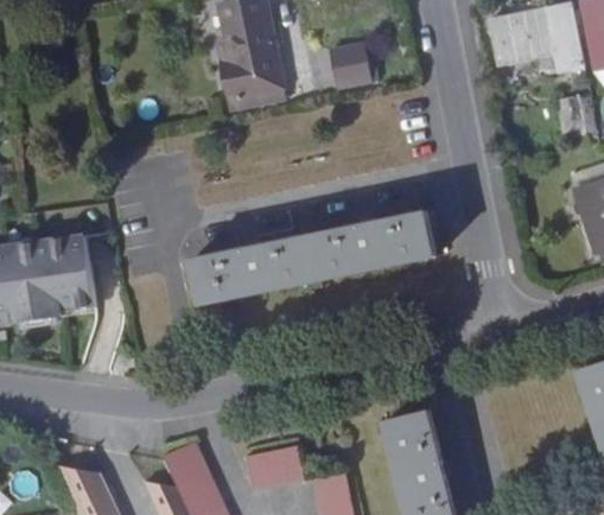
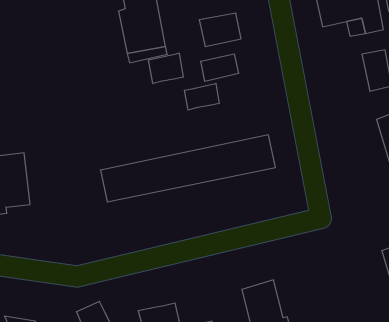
building: none -> [148,53,183,84]
building: none -> [201,54,239,81]
building: none -> [184,83,219,110]

